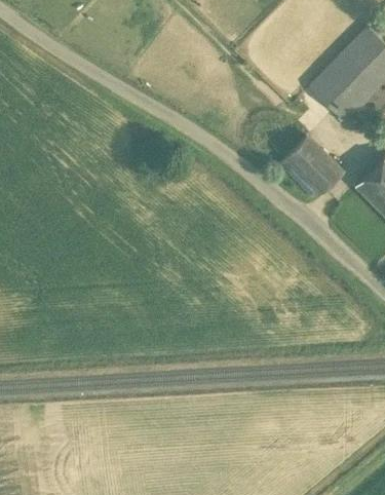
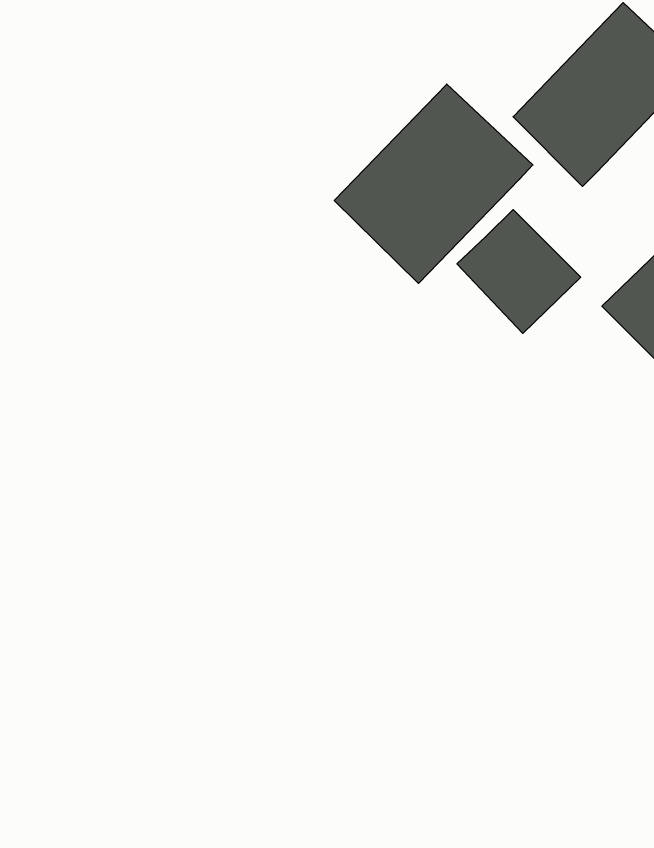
building: none -> [334,84,533,283]

